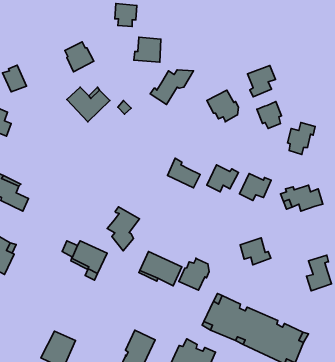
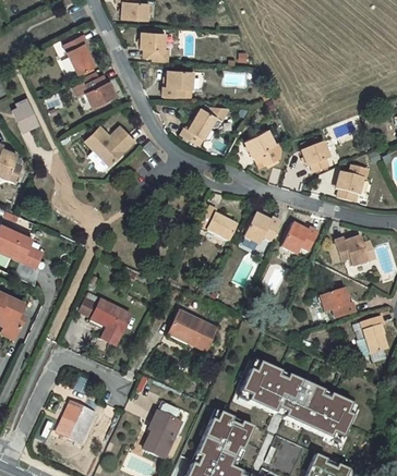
building: none -> [62,34,92,73]
building: [248,65,276,97] -> none
building: [107,207,140,251] -> none
building: [240,238,271,265] -> [320,289,354,319]
building: [179,258,209,290] -> none

